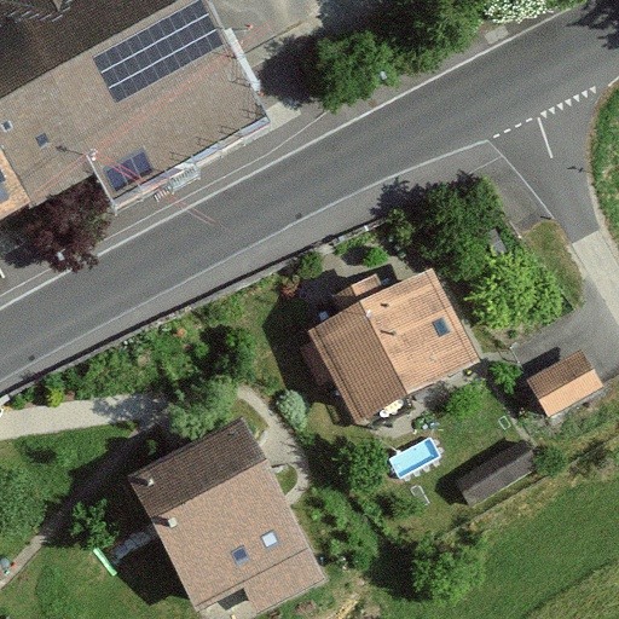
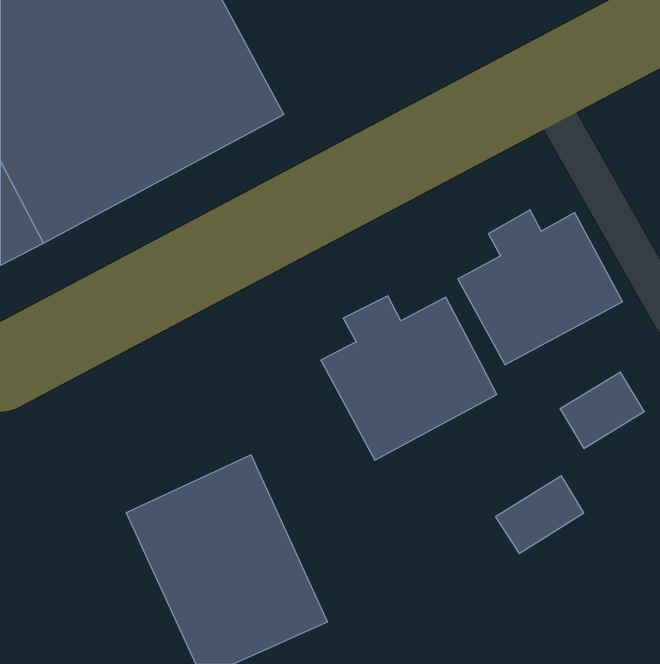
building: none -> [458,210,622,365]

